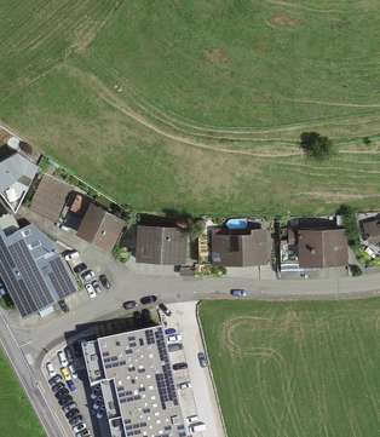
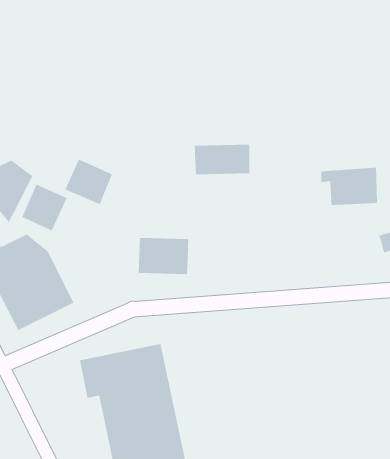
building: [77,205,123,248] -> [64,159,113,205]
building: [292,228,346,264] -> [320,167,378,206]
building: [213,234,266,263] -> [194,144,250,175]

